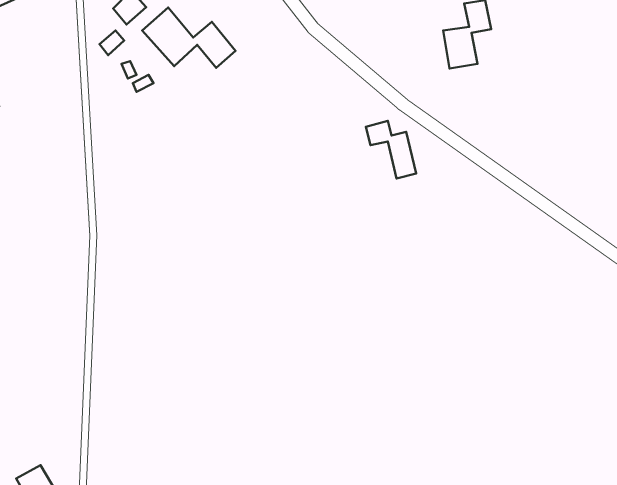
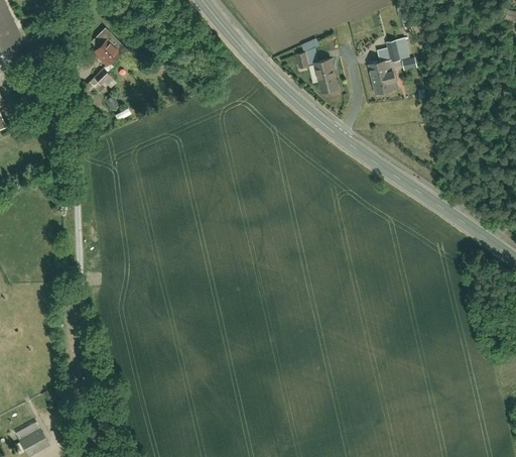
building: [142,8,236,68] -> none
building: [366,121,416,178] -> [294,49,336,97]

